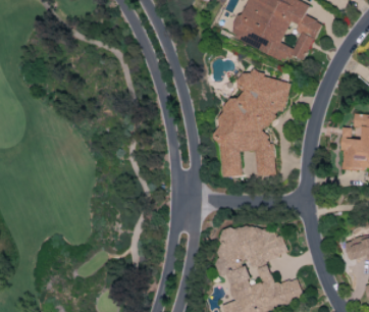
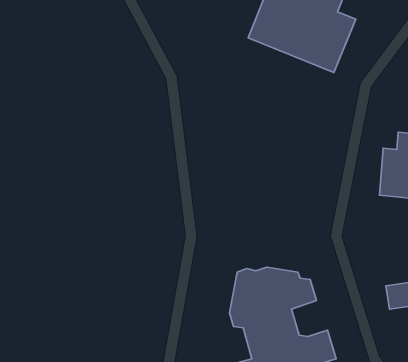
building: [211,68,289,176] -> none

